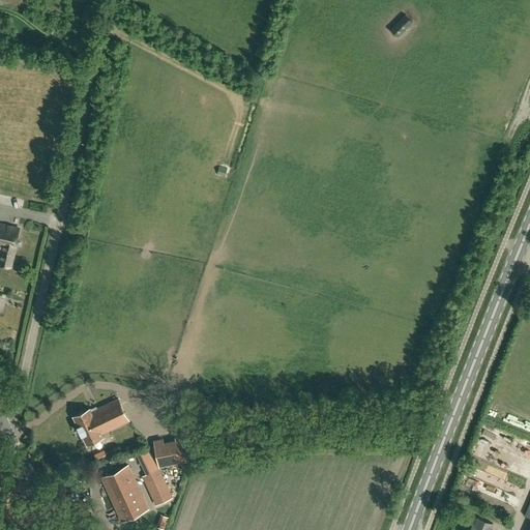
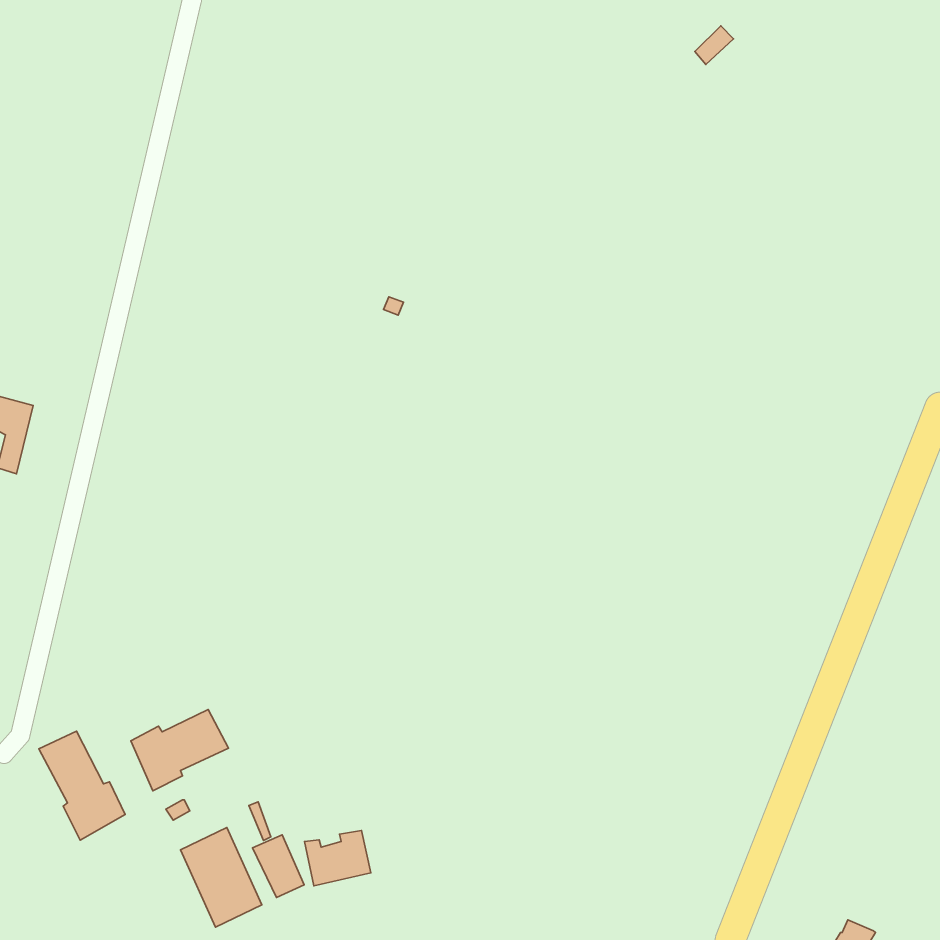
building: none -> [39,731,125,840]
building: [154,436,192,467] -> [304,831,371,886]

